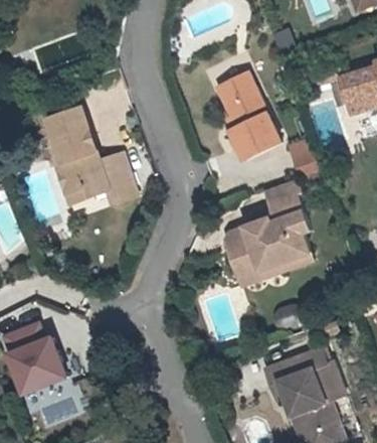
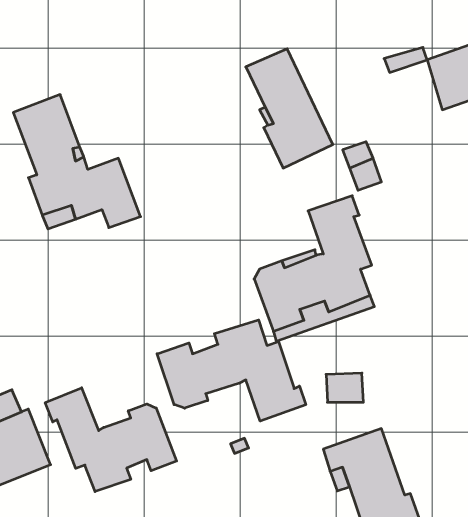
building: none -> [157,320,306,421]
building: none -> [45,388,177,492]

